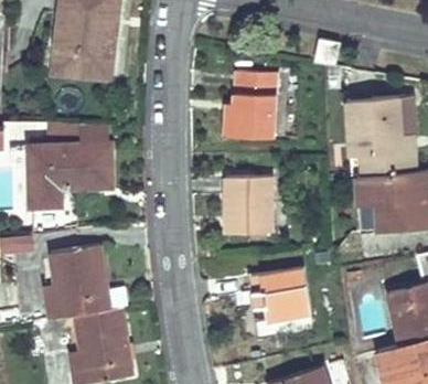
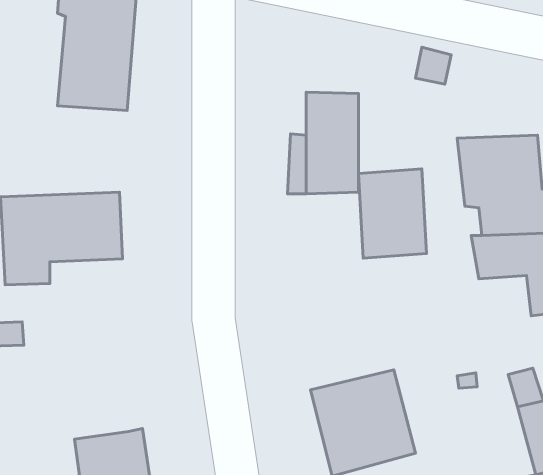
building: [221,173,269,237] -> [358,169,426,258]
building: [361,200,399,232] -> none
building: [40,248,111,321] -> none

